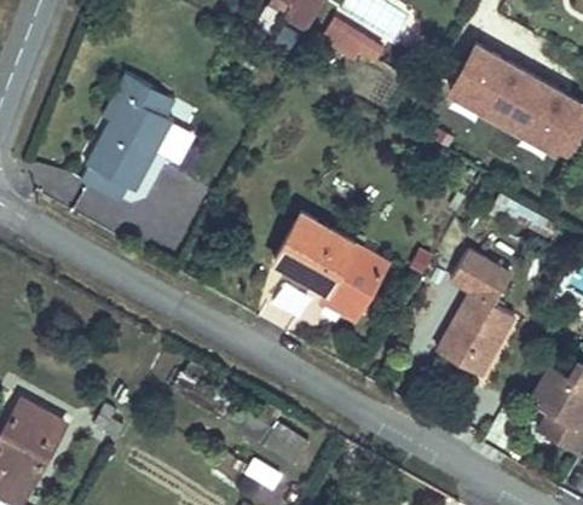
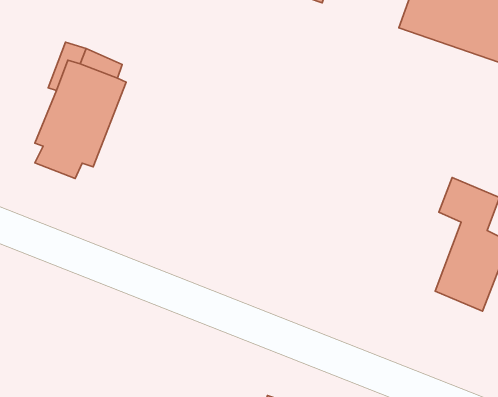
building: [267,215,380,319] -> none

